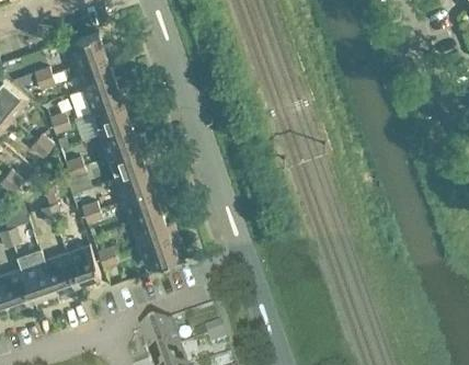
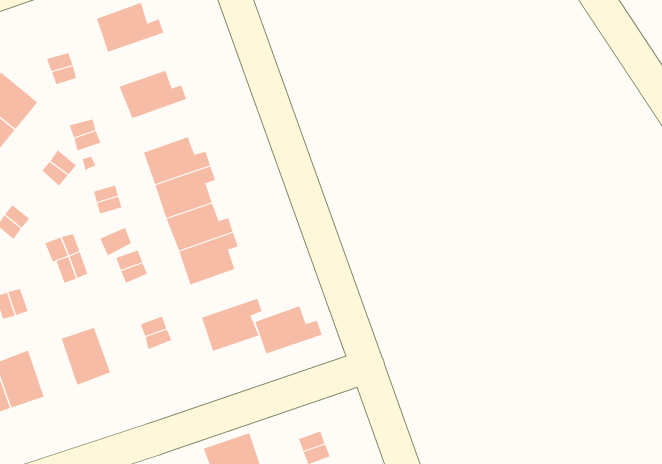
building: [76,53,117,89] -> none
building: [92,98,134,134] -> none
building: [131,213,178,246] -> [255,306,322,354]
building: [67,244,101,283] -> none
building: [18,248,55,299] -> none

